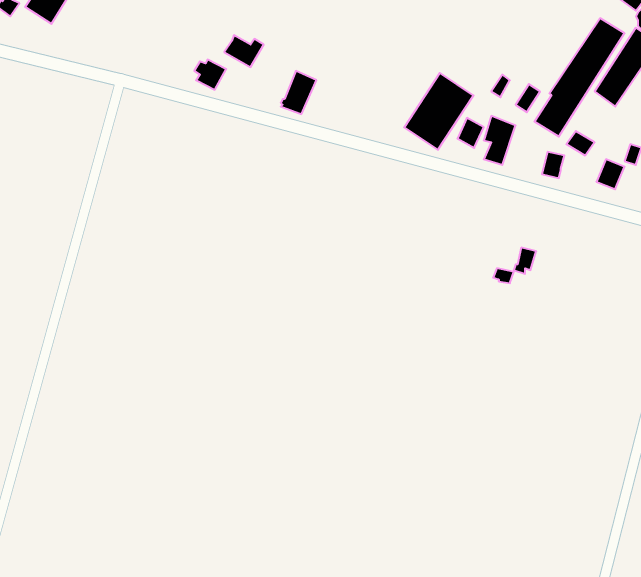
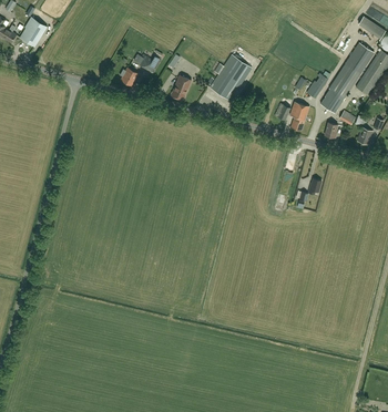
building: [404,73,474,150] -> [211,54,252,100]

